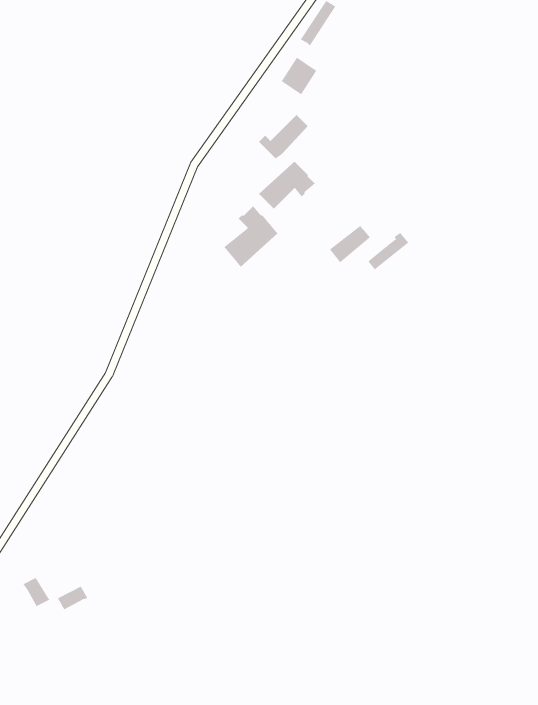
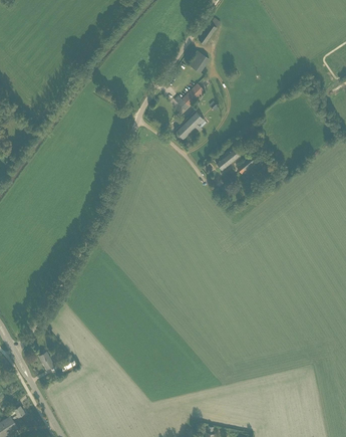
building: [223,205,278,268] -> none

